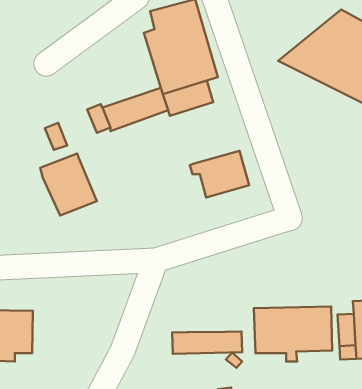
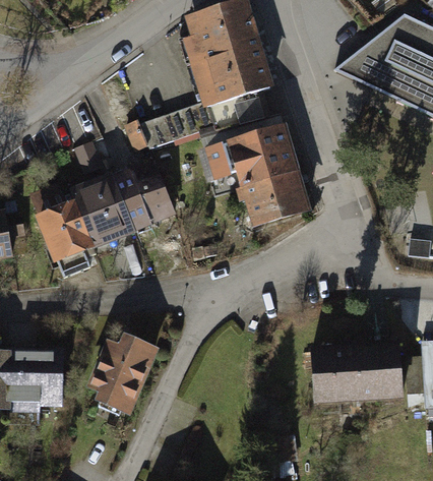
building: none -> [207,127,294,185]
building: none -> [113,159,172,228]
building: none -> [39,201,94,275]
building: none -> [88,342,148,410]
building: [172,332,242,354] -> none

